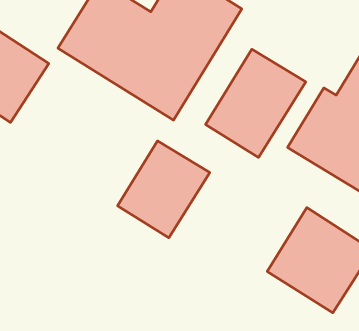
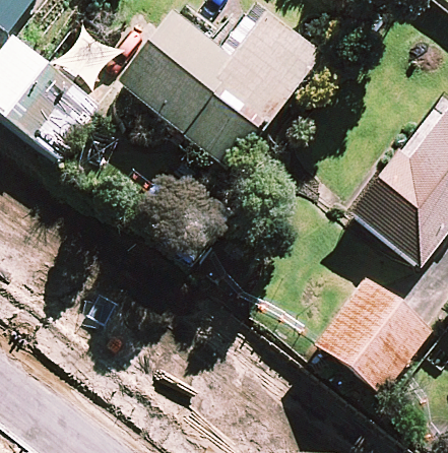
building: [205,49,306,158] -> none
building: [117,141,210,238] -> none

